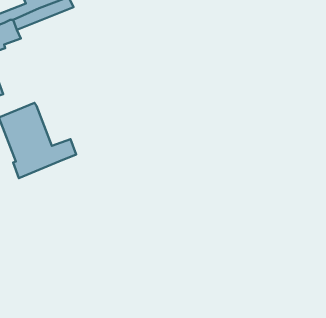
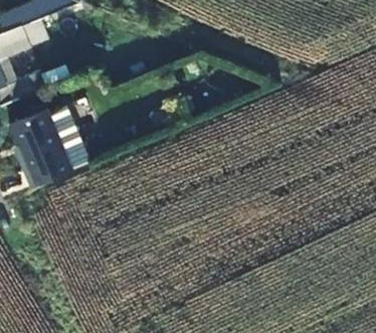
building: none -> [47,106,82,155]

